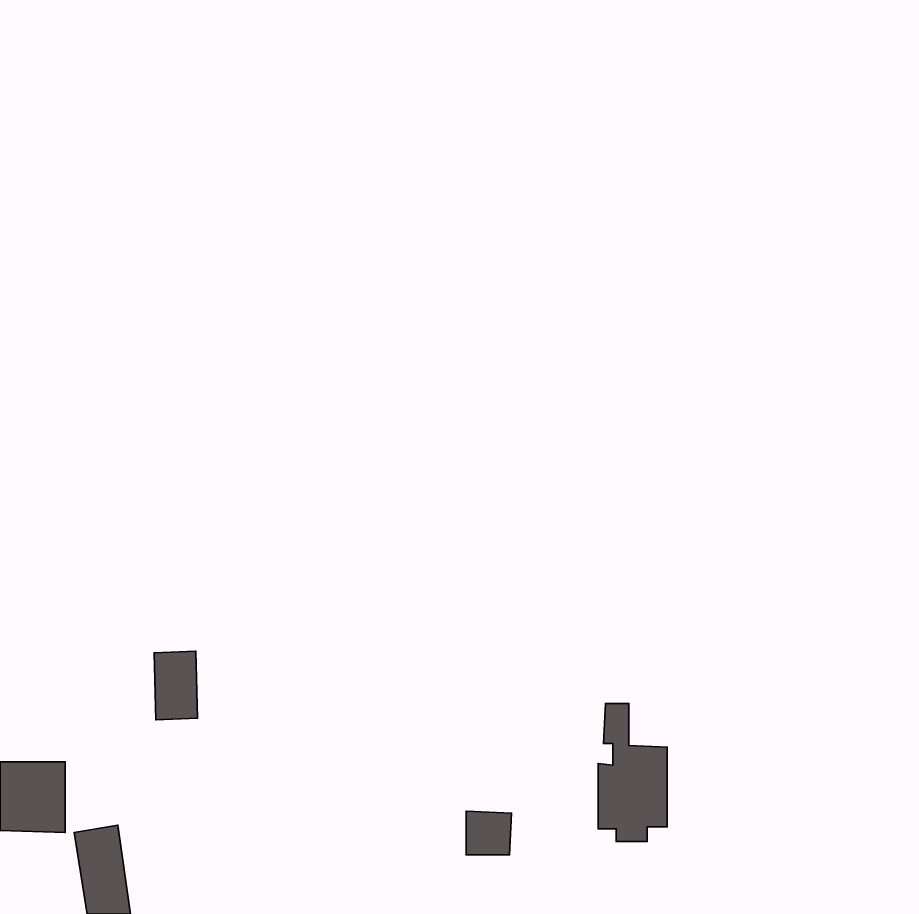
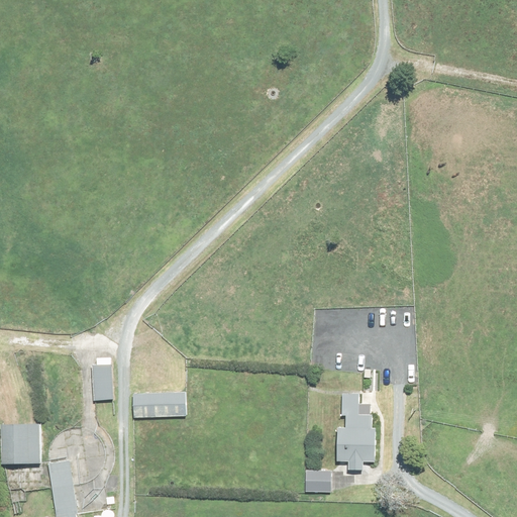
building: none -> [131,393,185,418]
building: [466,811,511,855] -> [304,469,329,493]

